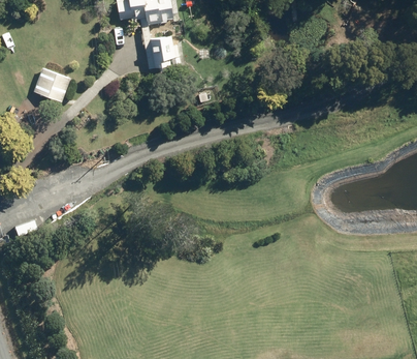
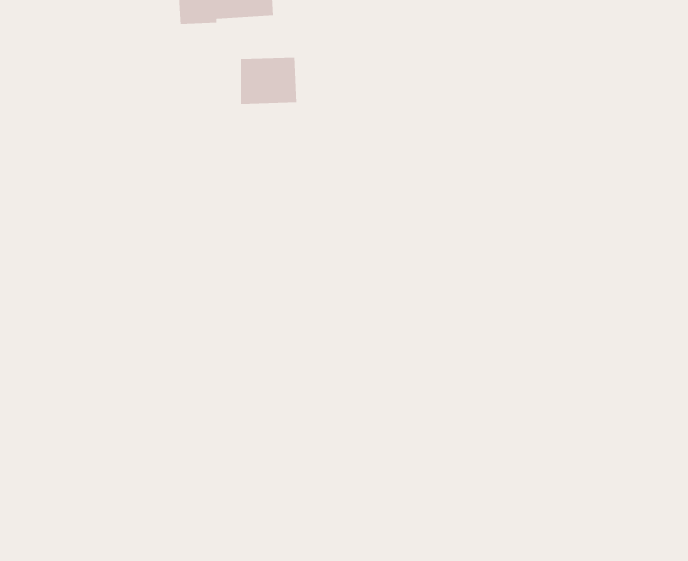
building: [32,69,66,98] -> none

